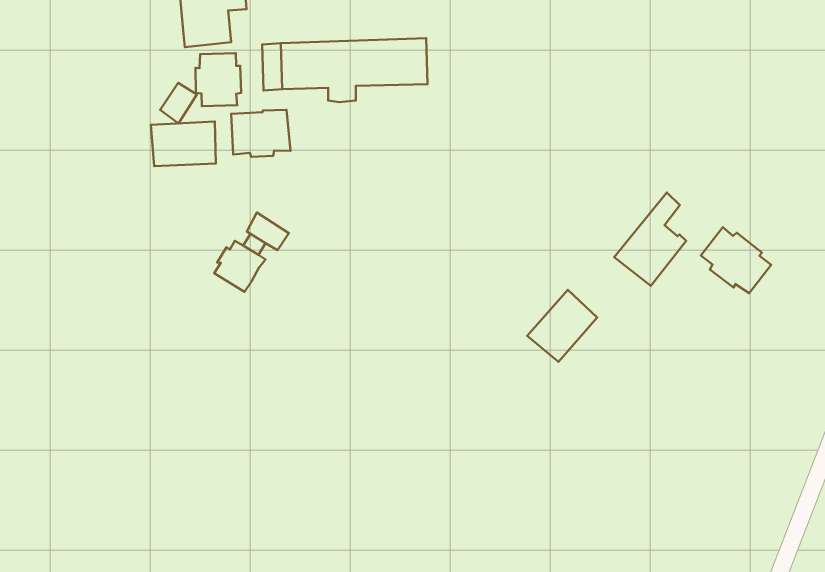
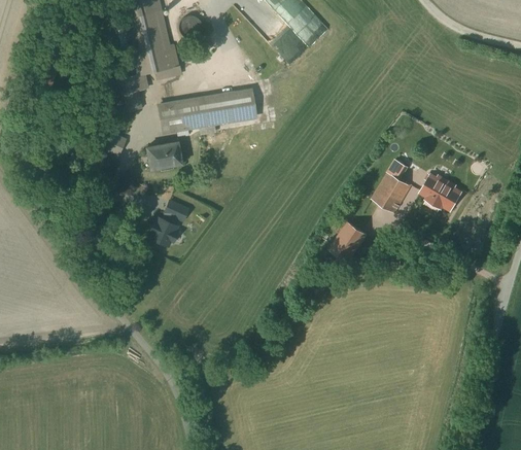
building: [196,53,241,106] -> none
building: [151,122,216,166] -> none

